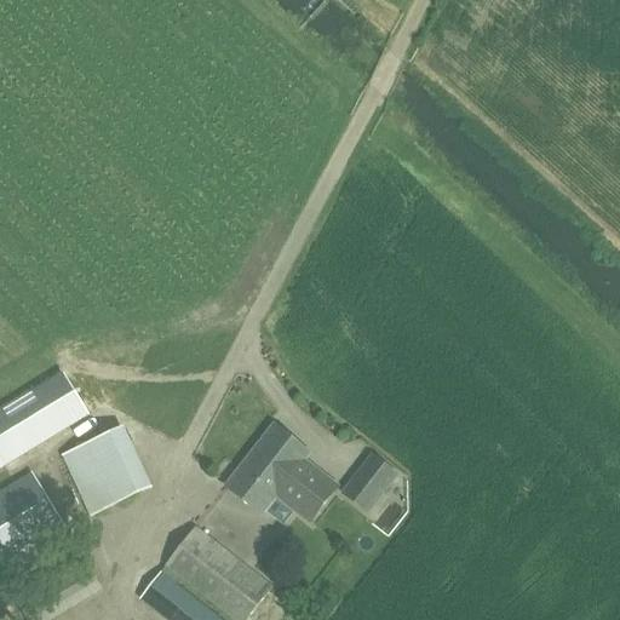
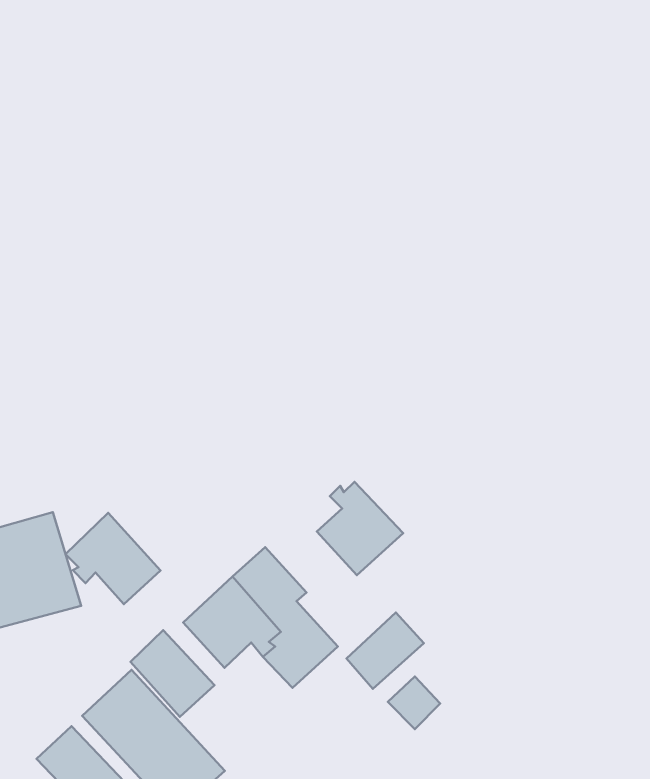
building: none -> [317,482,403,575]
building: none -> [66,513,160,604]
building: none -> [130,630,215,717]

